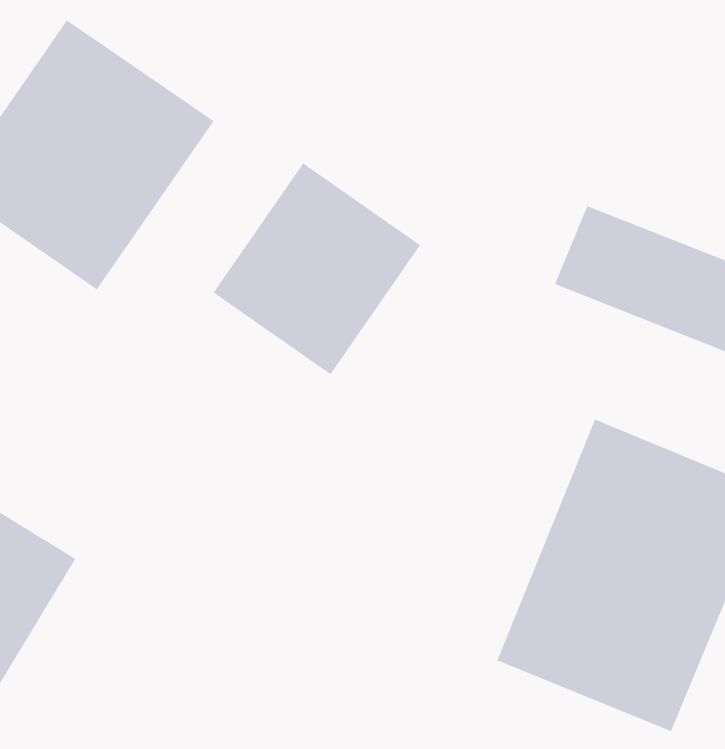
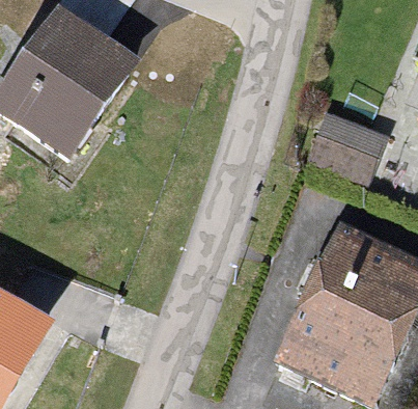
building: [213,163,421,375] -> none

